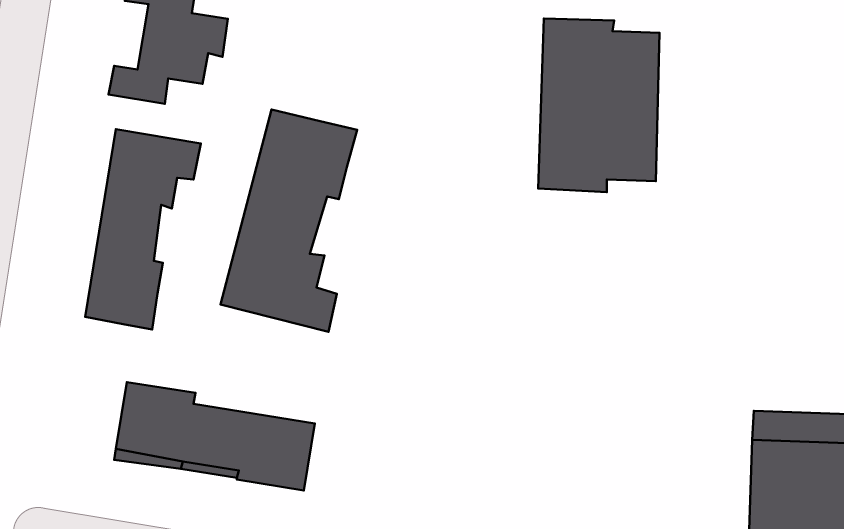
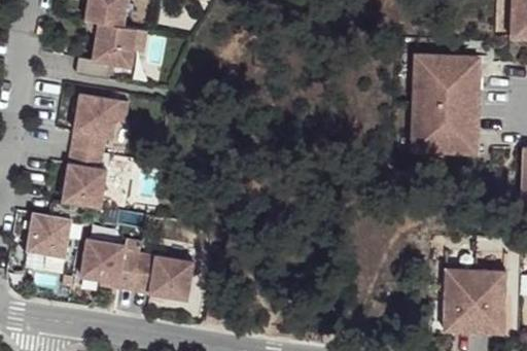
building: [538,19,659,192] -> [410,56,479,154]
building: [220,110,357,332] -> none
building: none -> [28,199,85,256]

